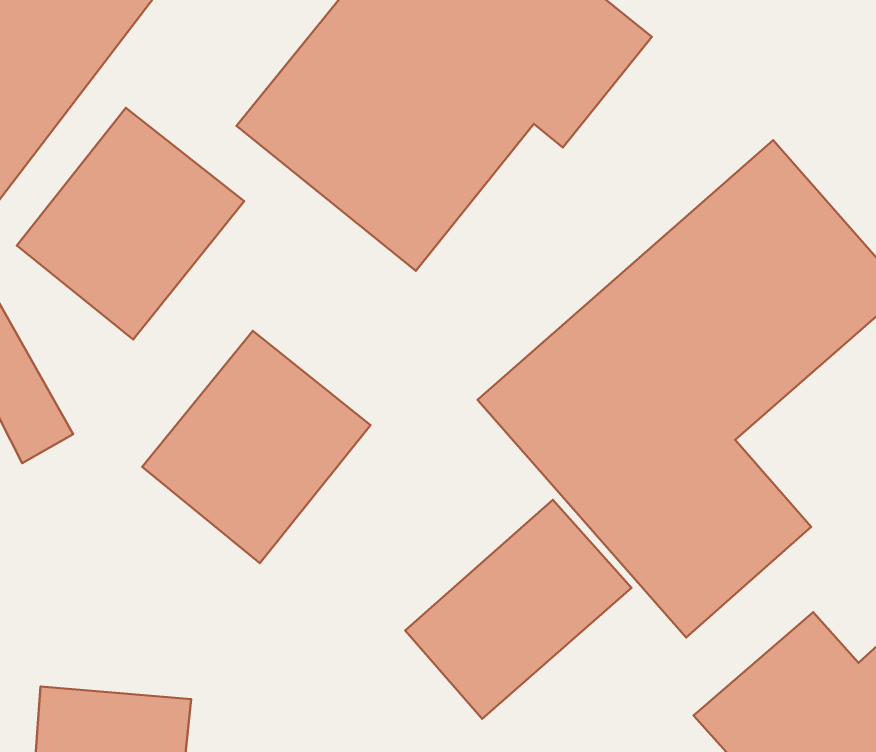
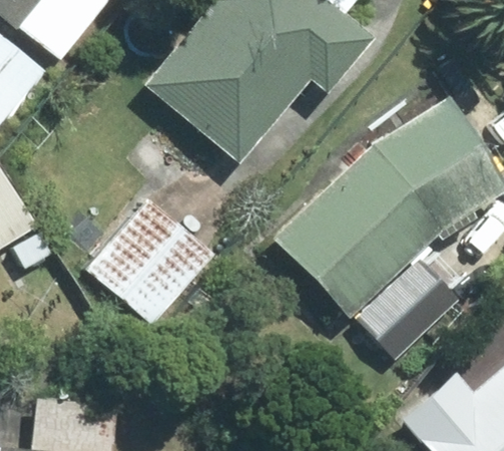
building: [17,108,244,339] -> none
building: [405,500,632,719] -> none

